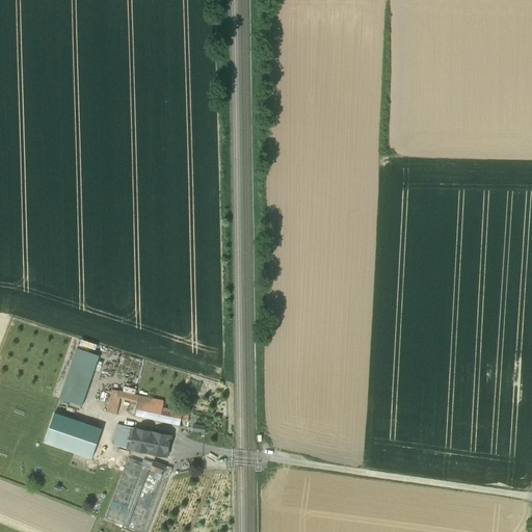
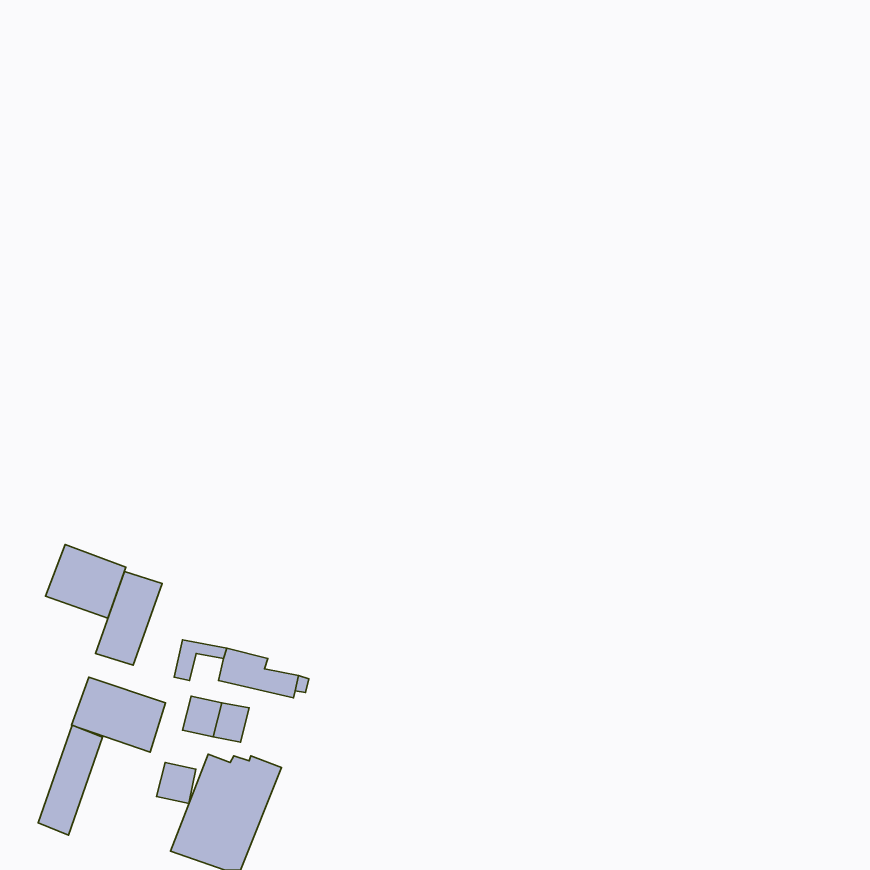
building: none -> [45,544,126,618]
building: [147,431,170,456] -> [157,763,196,803]
building: none -> [38,725,102,835]

